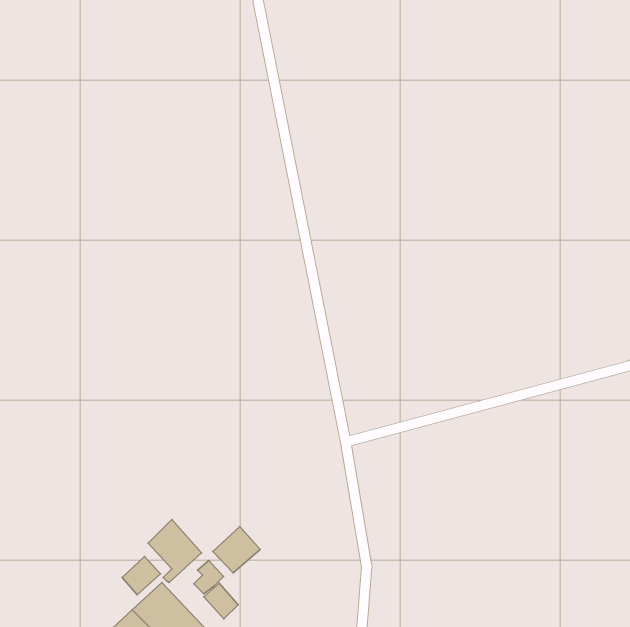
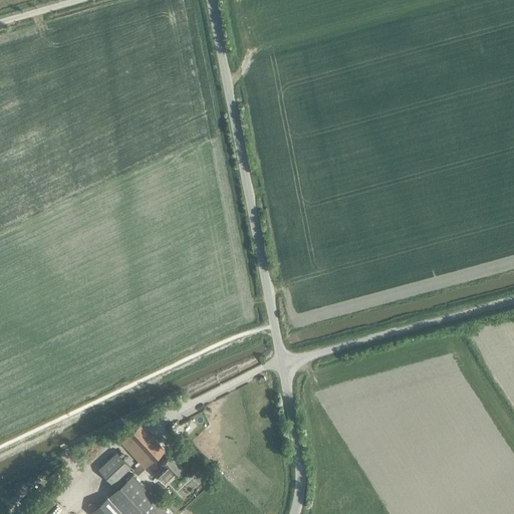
building: [213,527,260,573] -> none
building: [204,583,238,619] -> none

